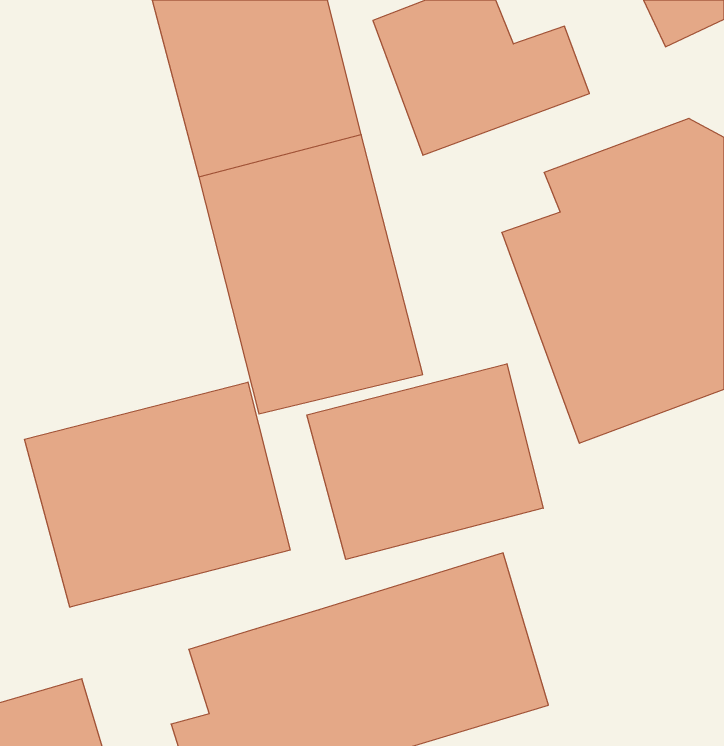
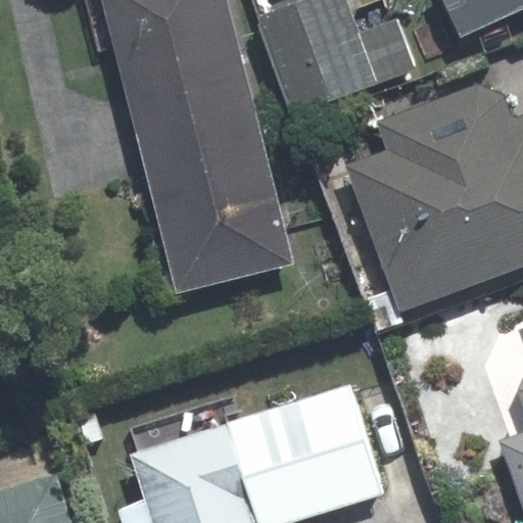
building: [307,364,543,559] -> none
building: [25,382,290,607] -> none

